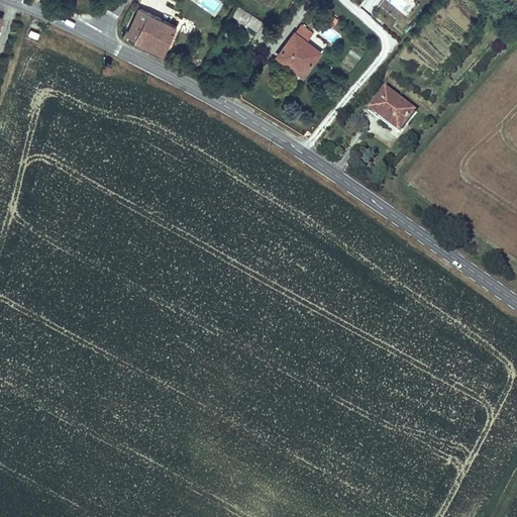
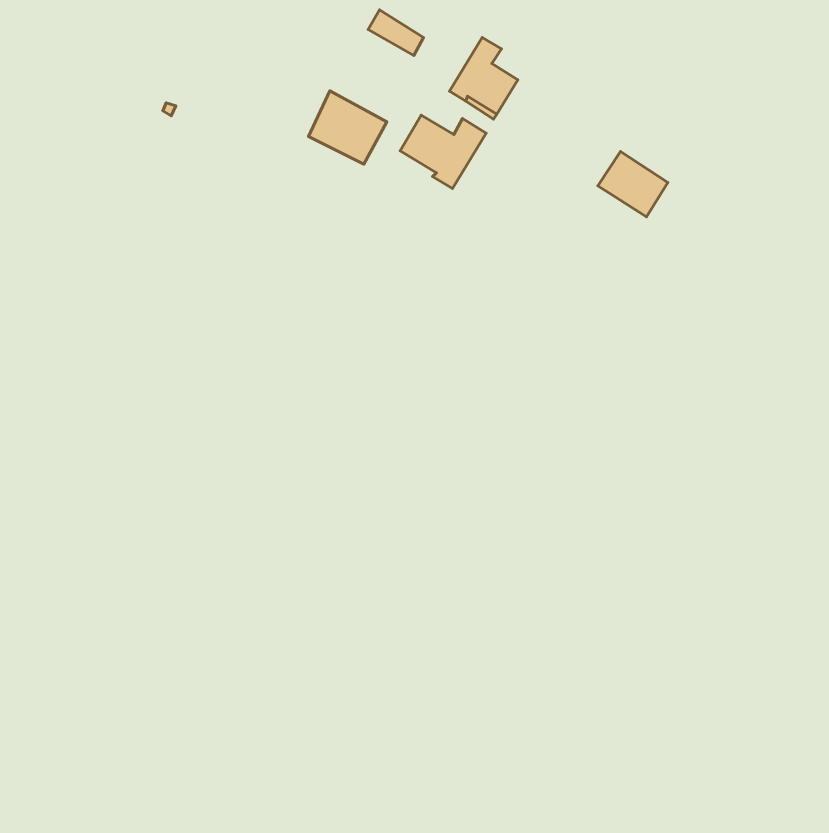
building: [128,7,177,53] -> [309,91,387,164]
building: none -> [400,115,486,189]

